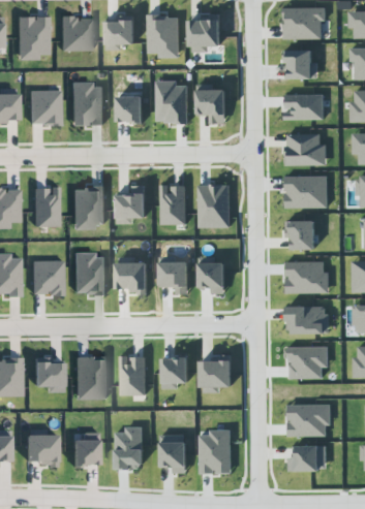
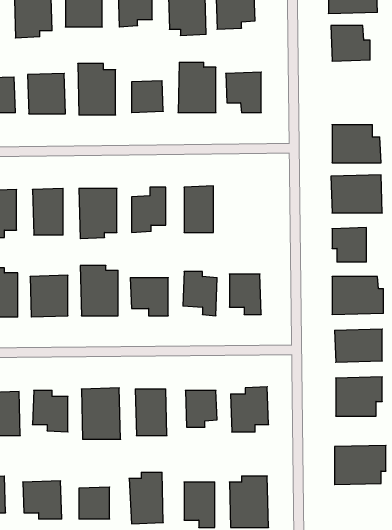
building: [285,94,325,120] -> none
building: [199,184,231,227] -> none
building: [290,445,328,471] -> none

